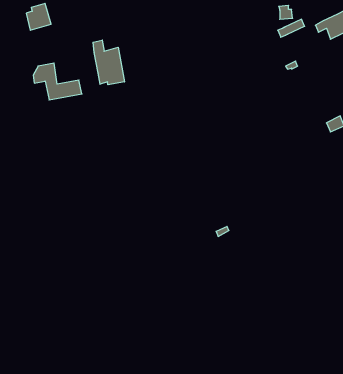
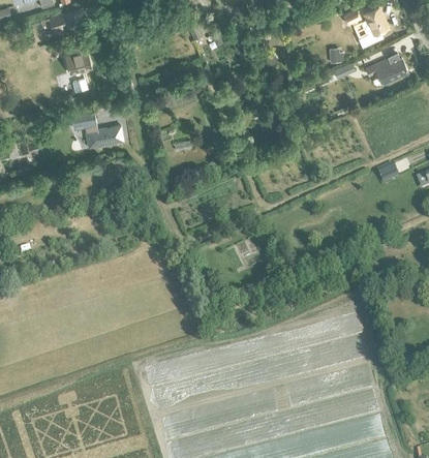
building: [93,40,124,85] -> none

